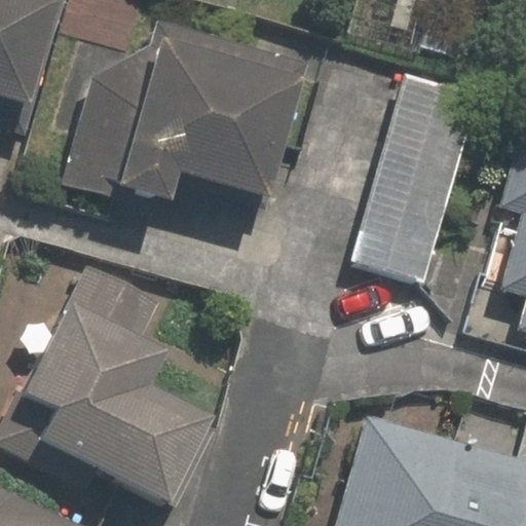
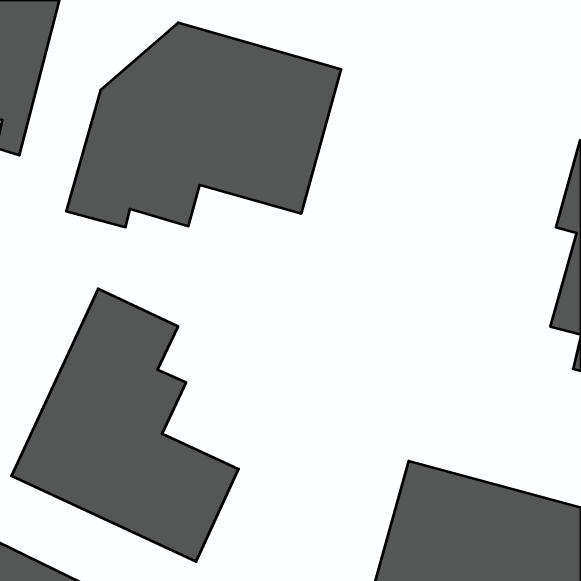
building: [350,70,481,283] -> none

